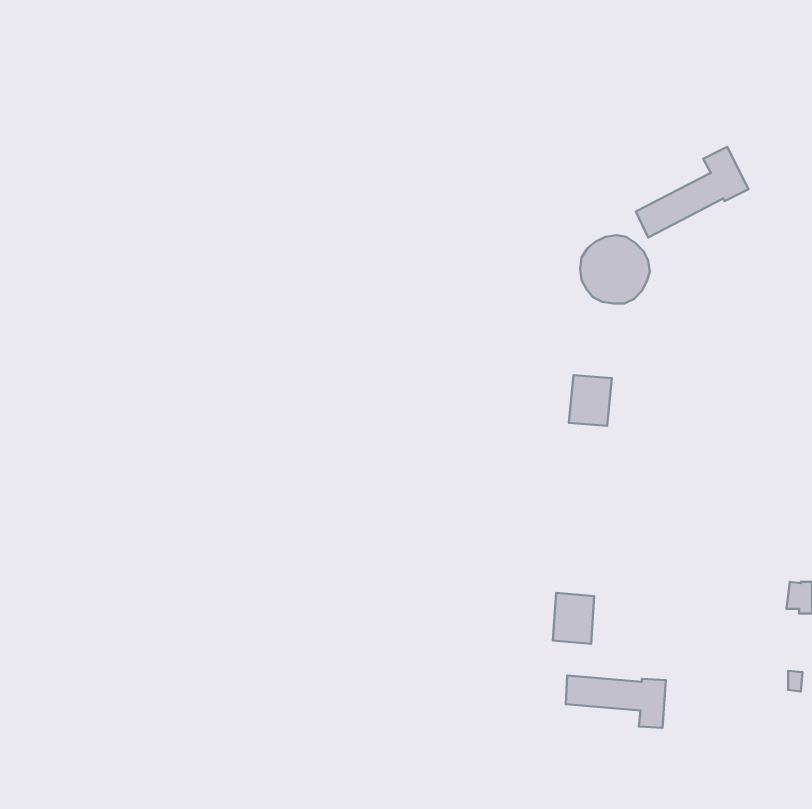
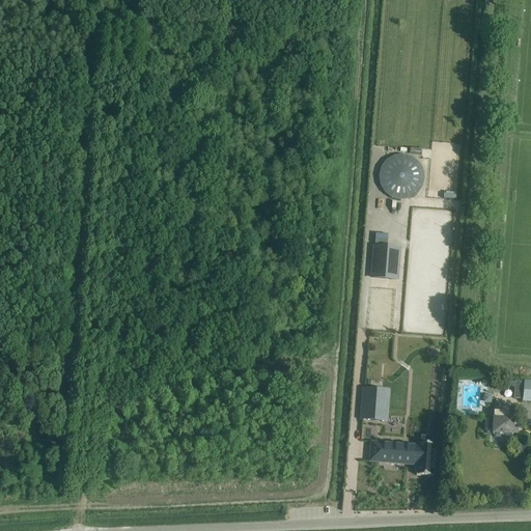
building: [636,147,748,237] -> none
building: none -> [484,410,518,435]

